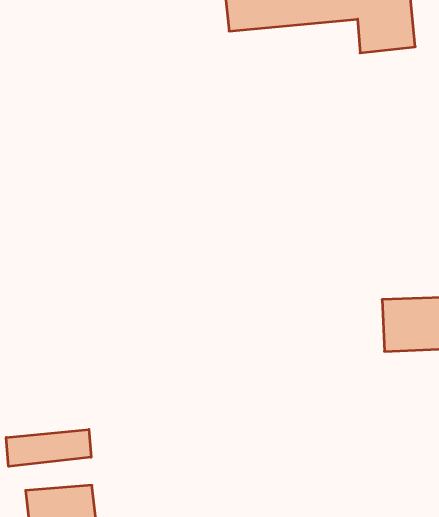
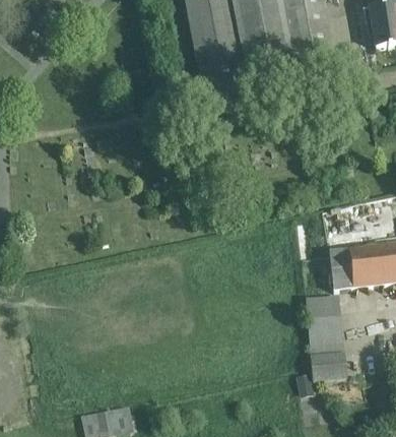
building: none -> [305,293,344,380]
building: [6,429,91,466] -> none

